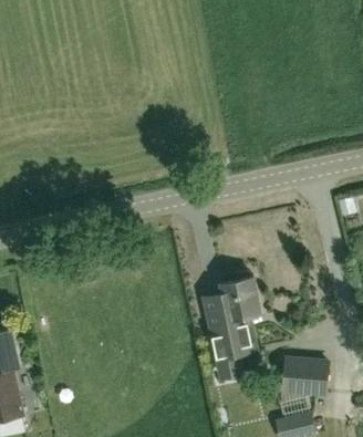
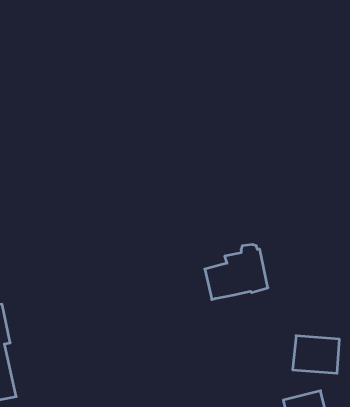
building: [210,316,252,378] -> none

